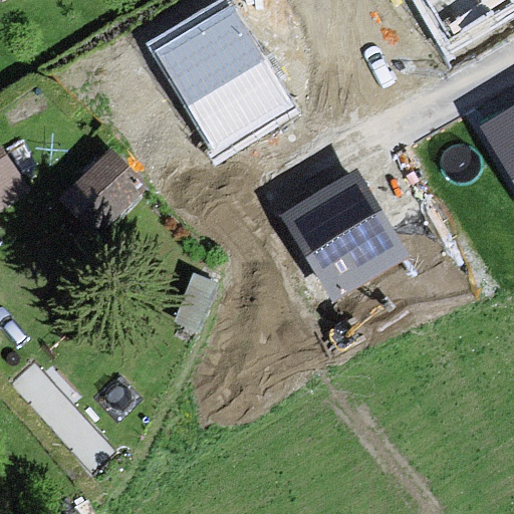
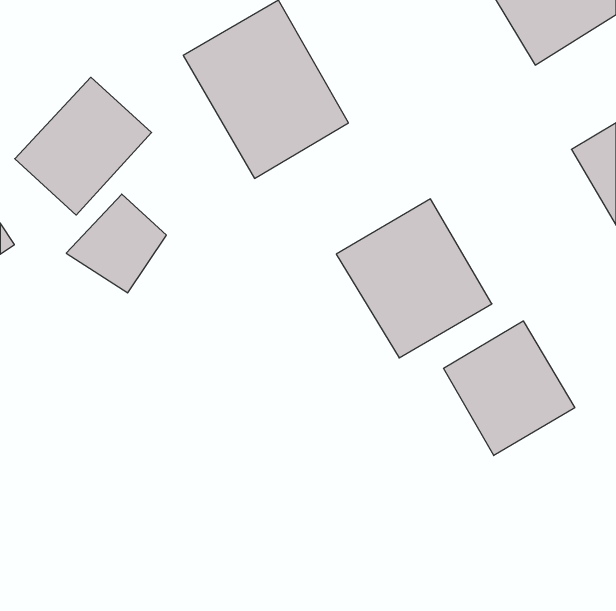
building: none -> [15,77,152,215]
building: none -> [444,321,575,456]

